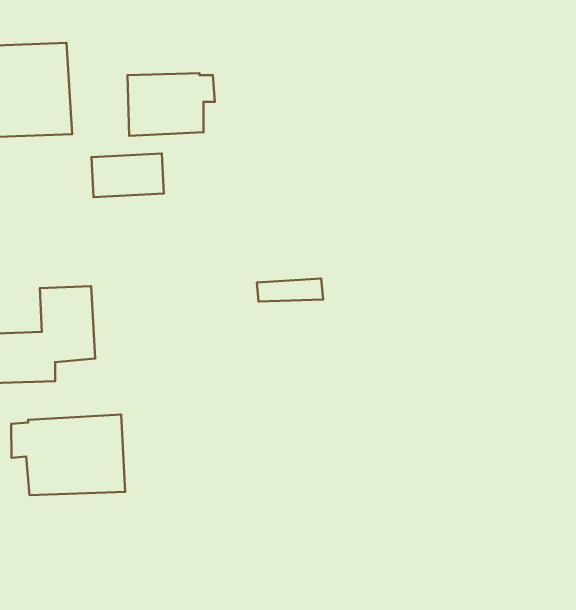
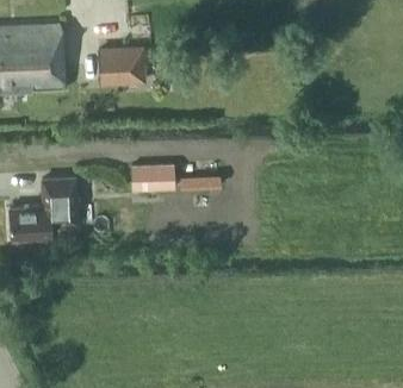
building: [92,153,164,197] -> [130,163,175,190]
building: [11,415,125,495] -> none

